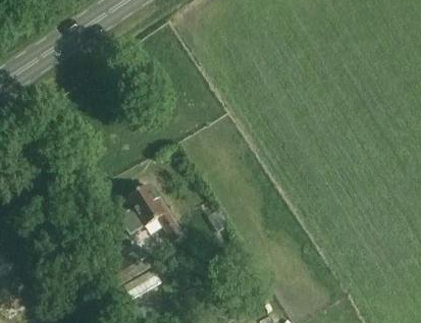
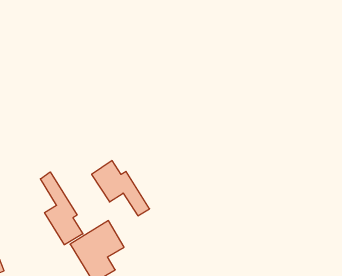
building: none -> [40,172,83,245]

